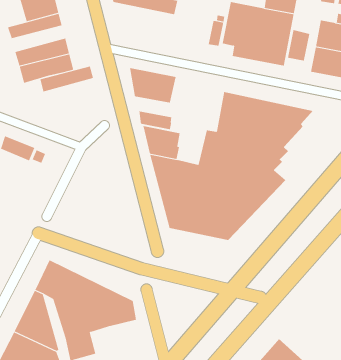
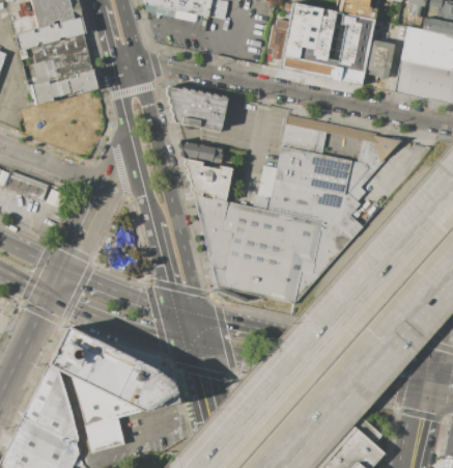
building: [39,66,94,92] -> [20,33,88,66]

